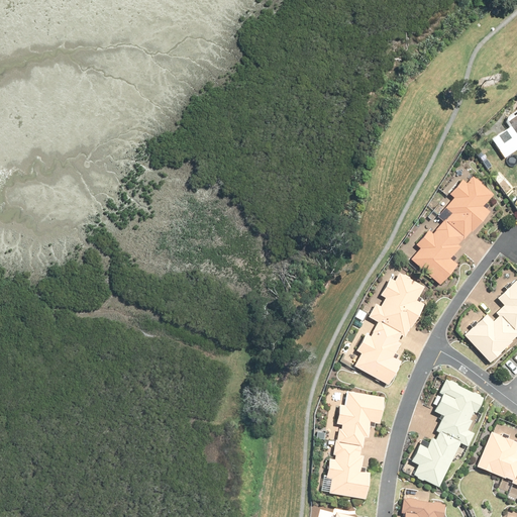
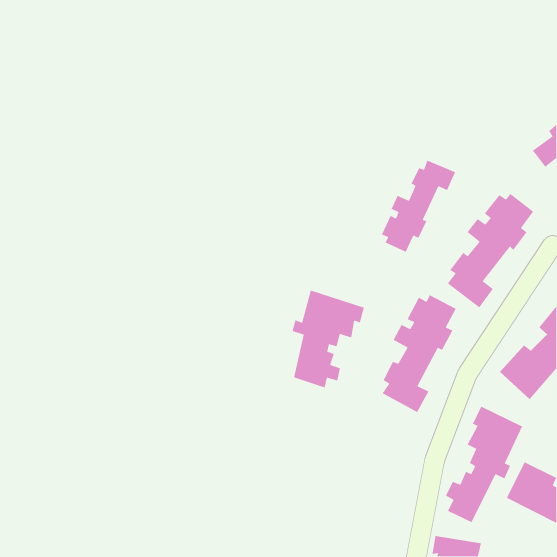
building: none -> [381,159,456,253]
building: none -> [292,290,365,388]
building: [327,392,386,496] -> none

